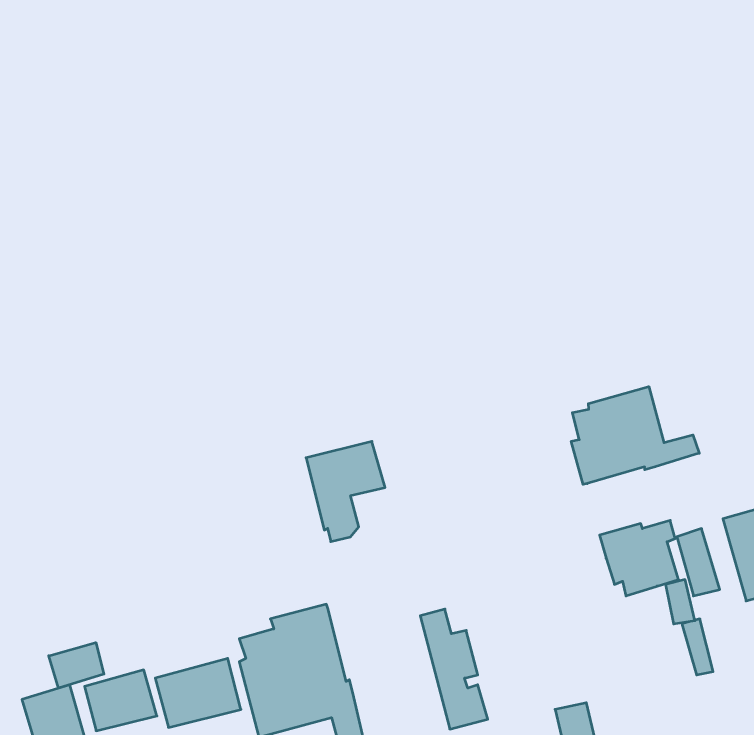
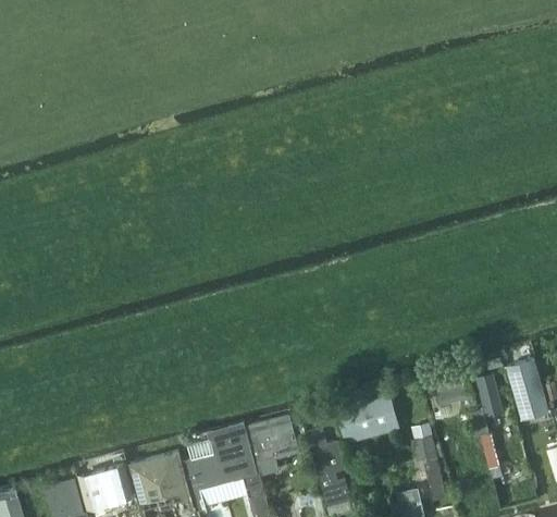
building: [571,387,699,484] -> none
building: [306,441,385,542] -> [245,416,297,482]
building: none -> [335,394,400,445]
building: none -> [410,435,446,502]
building: [49,643,104,688] -> none

